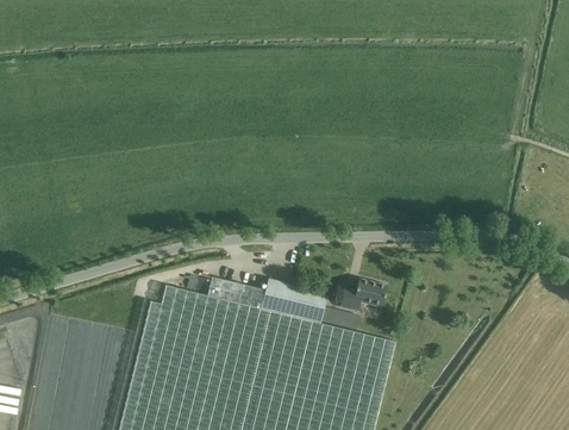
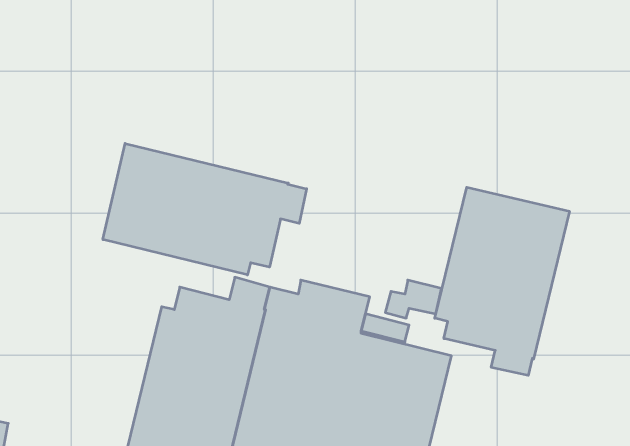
building: none -> [103,143,307,275]
building: none -> [435,187,569,375]

